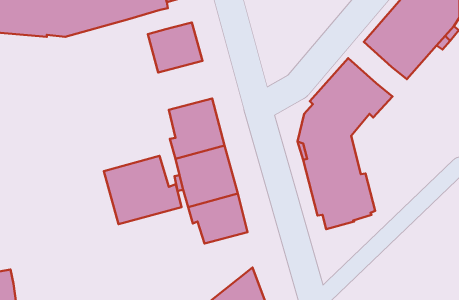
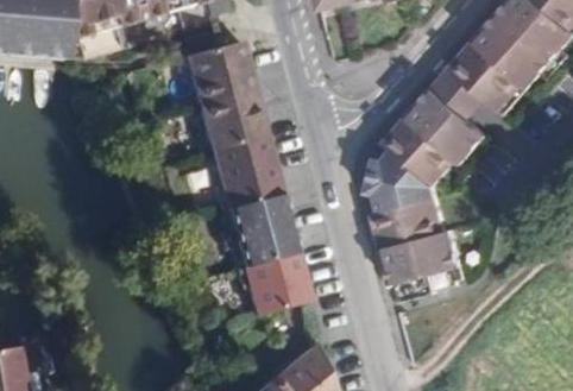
building: none -> [433,64,486,115]
building: none -> [197,88,264,149]
building: [104,156,182,224] -> none

